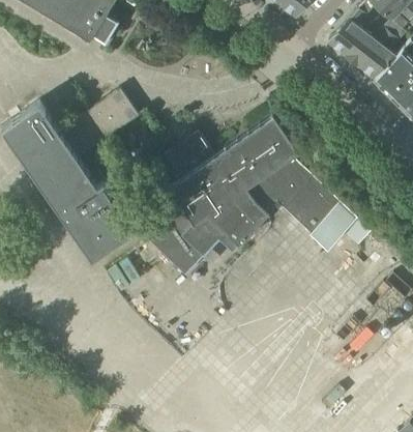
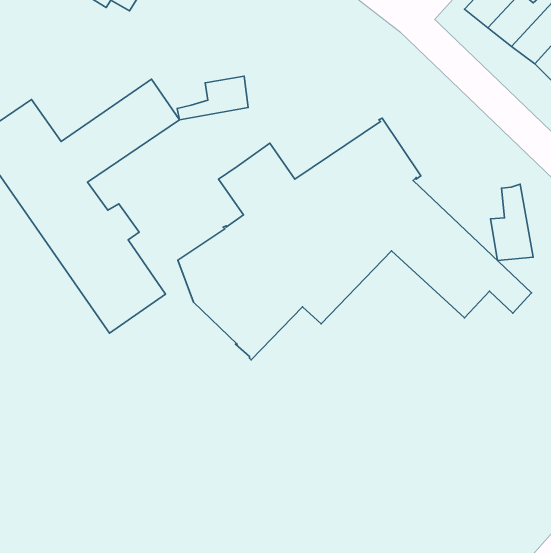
building: none -> [177,76,248,120]
building: none -> [491,184,533,261]

